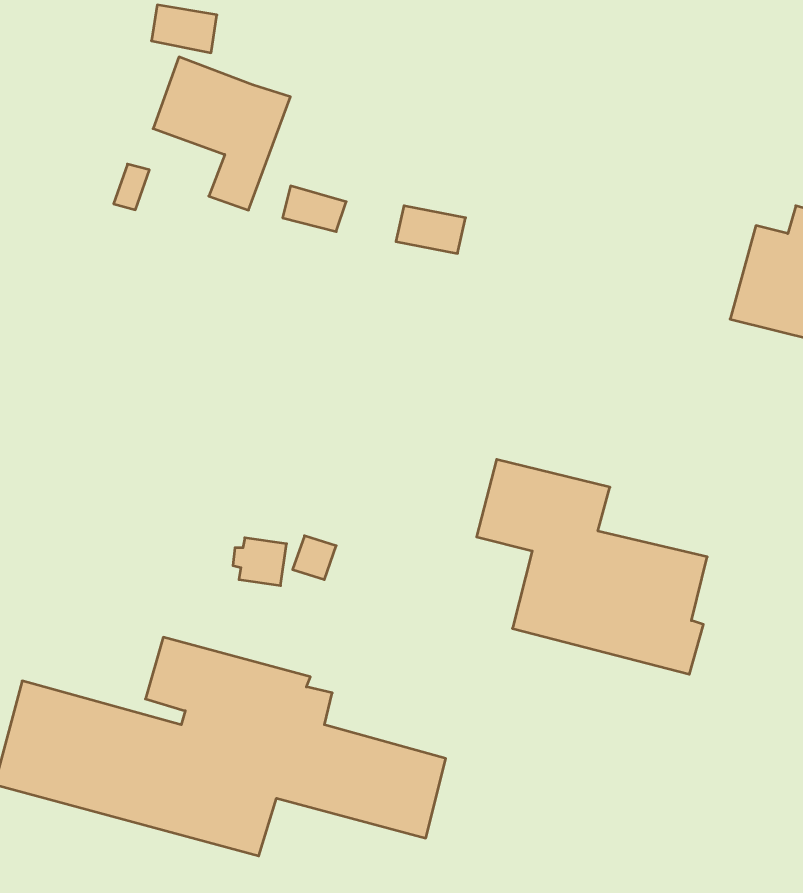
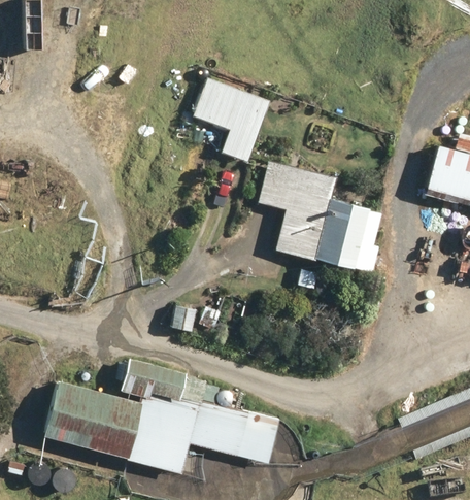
building: [153,57,290,210] -> [194,78,265,158]
building: [477,459,707,674] -> [261,162,380,273]

